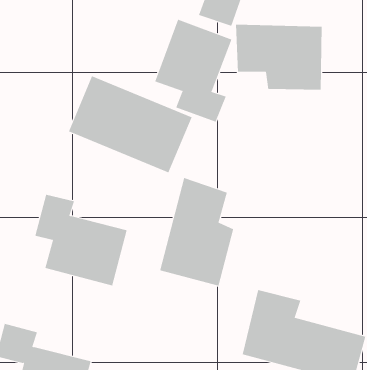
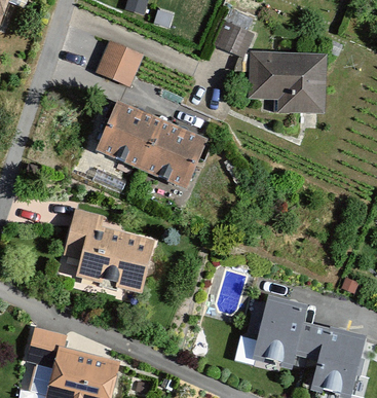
building: [155,19,232,122] -> none
building: none -> [92,47,139,91]
building: [160,177,234,287] -> none

